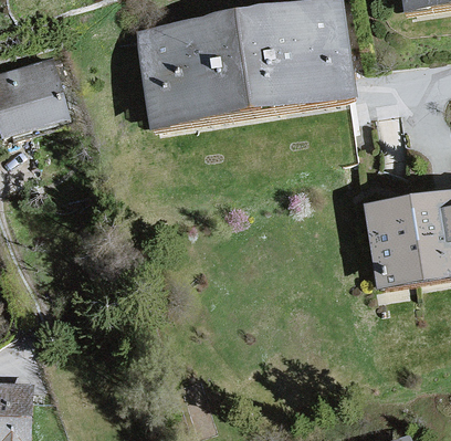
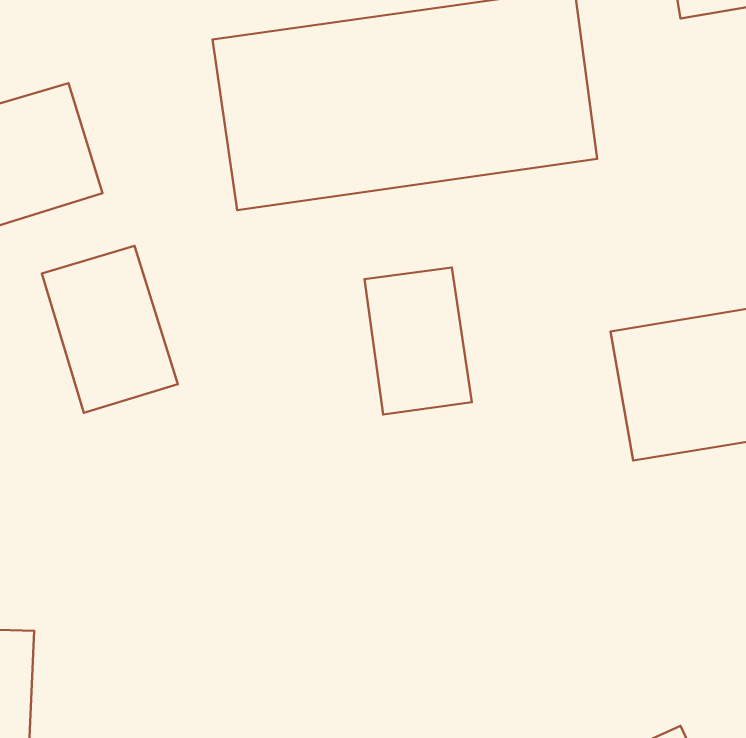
building: none -> [42,246,178,413]
building: none -> [365,268,472,415]

